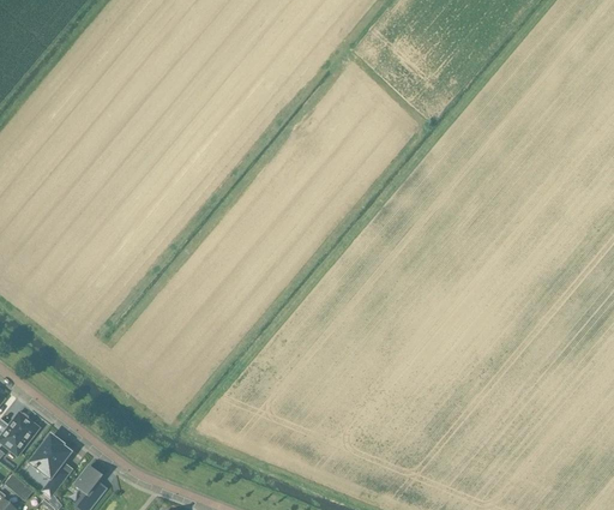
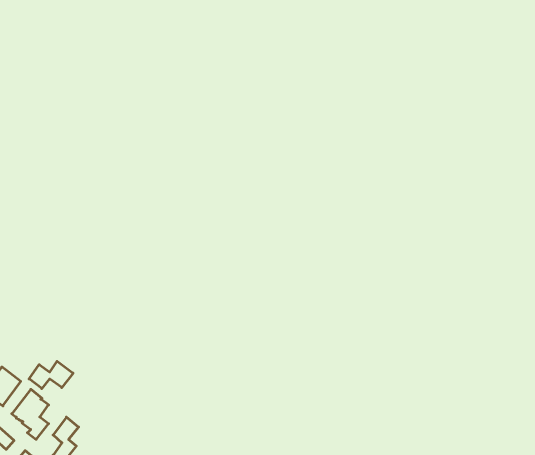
building: none -> [29,361,73,389]

